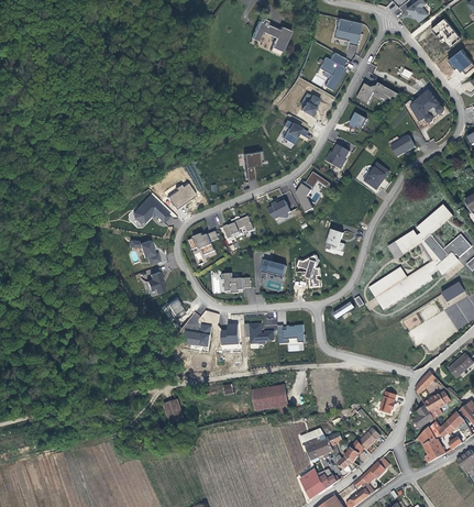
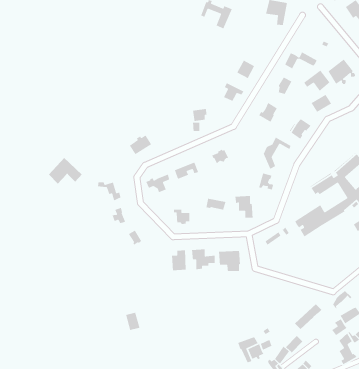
building: [319,52,348,90] -> none
building: none -> [303,69,331,92]
building: [295,170,330,211] -> [263,137,292,170]
building: [131,192,173,225] -> [48,157,82,184]
building: [183,322,210,346] -> none
building: [250,385,286,411] -> none

